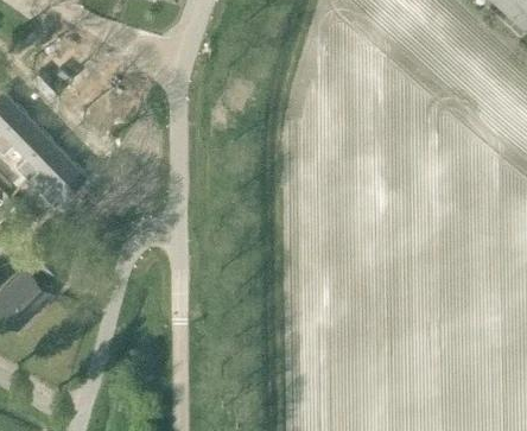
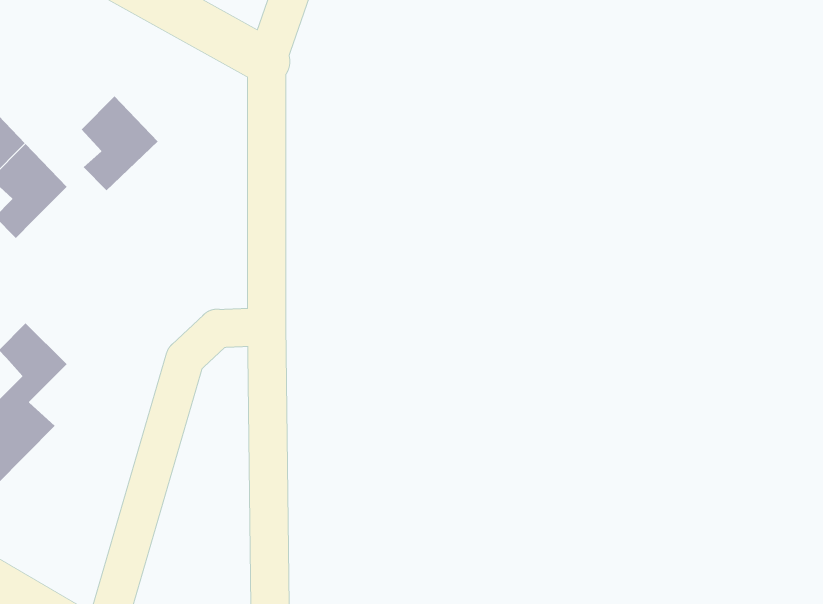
building: [38,151,84,208] -> [81,96,158,191]

